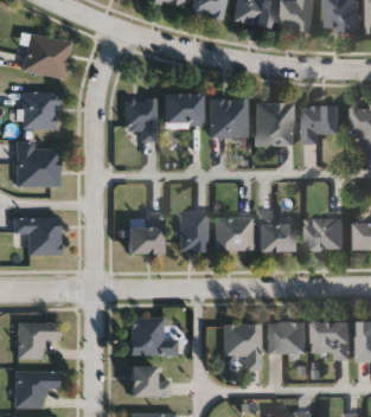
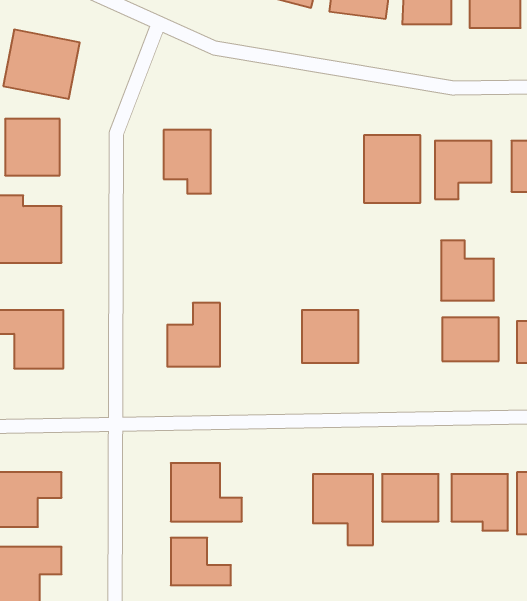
building: [164,92,202,123] -> none
building: [210,98,247,136] -> none
building: [180,210,206,250] -> none
building: [258,211,293,250] -> [441,240,494,301]

